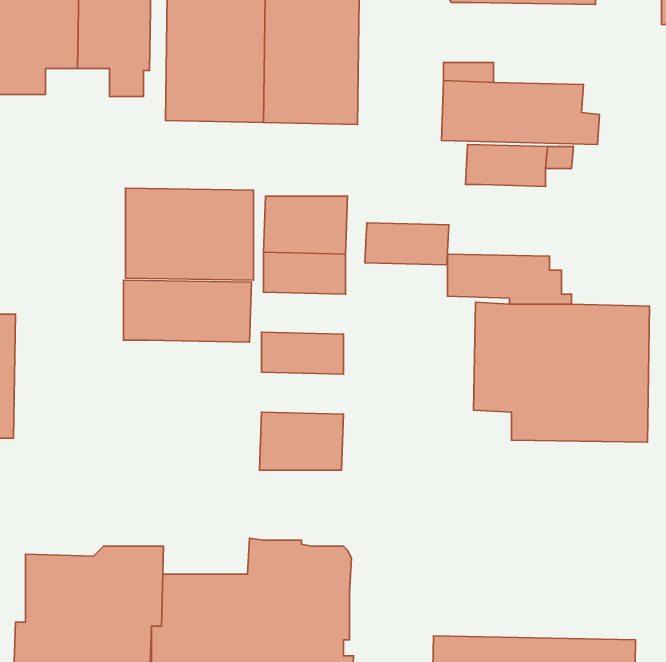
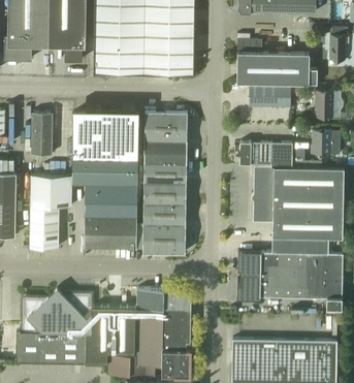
building: none -> [329,28,348,62]
building: none -> [315,92,339,119]
building: none -> [31,113,53,155]
building: [365,223,449,265] -> [143,162,187,184]
building: none -> [312,131,330,157]
building: none -> [29,178,71,249]
building: none -> [84,187,137,250]
building: none -> [143,203,186,225]
building: none -> [236,252,343,309]

